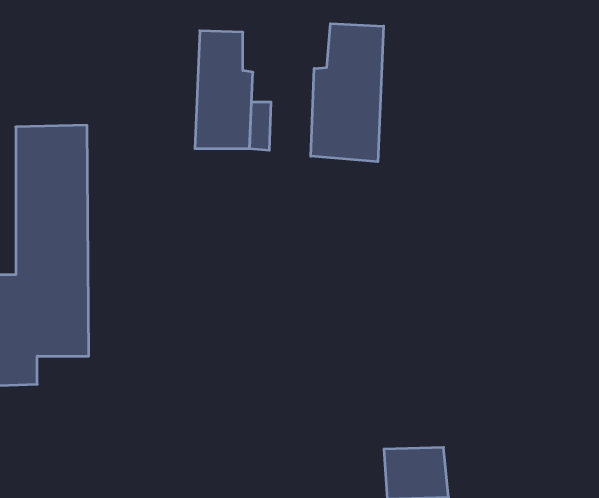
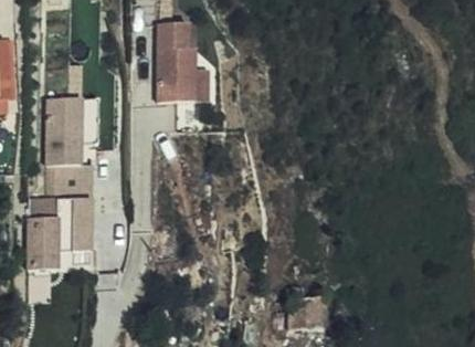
building: [311,24,384,162] -> none

